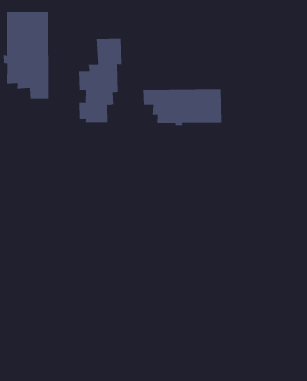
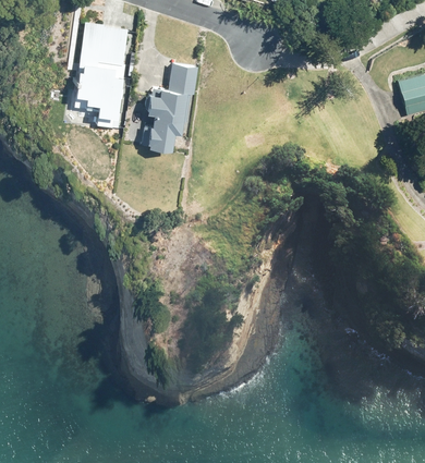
building: [143,89,222,126] -> none

